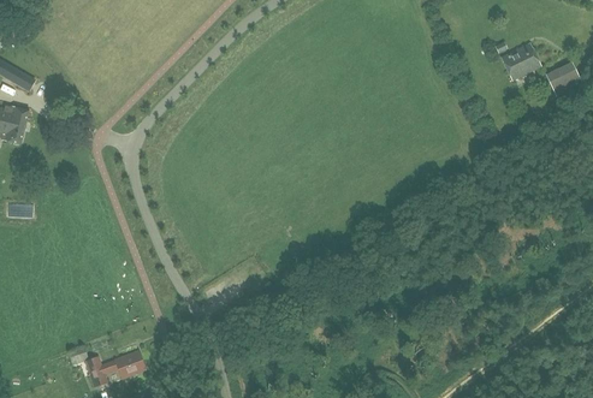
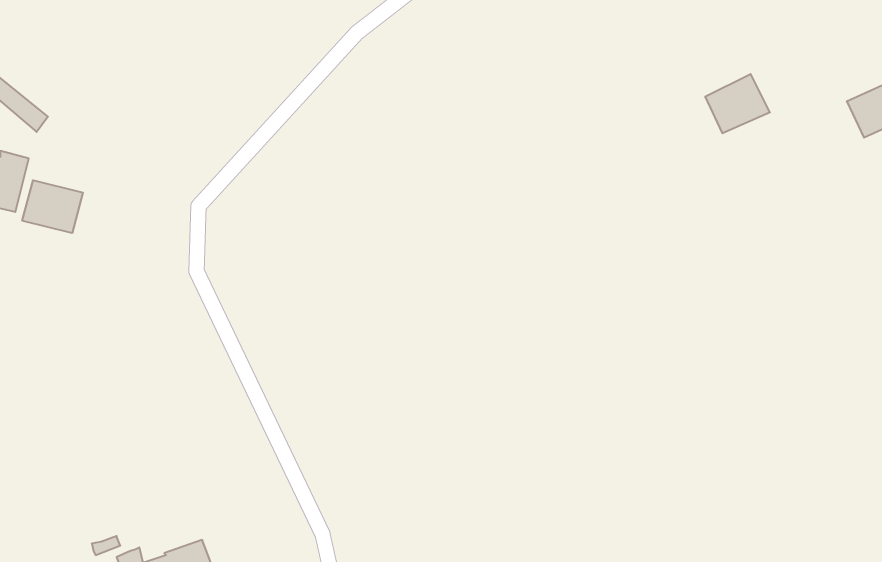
building: [500,42,541,79] -> [705,74,770,133]
building: none -> [22,180,83,233]

